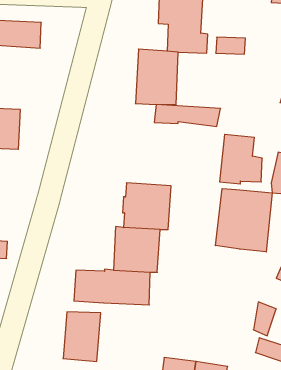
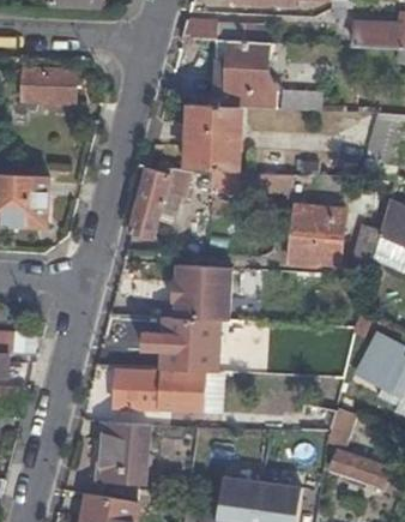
building: none -> [129,164,173,236]
building: [215,189,272,252] -> none

